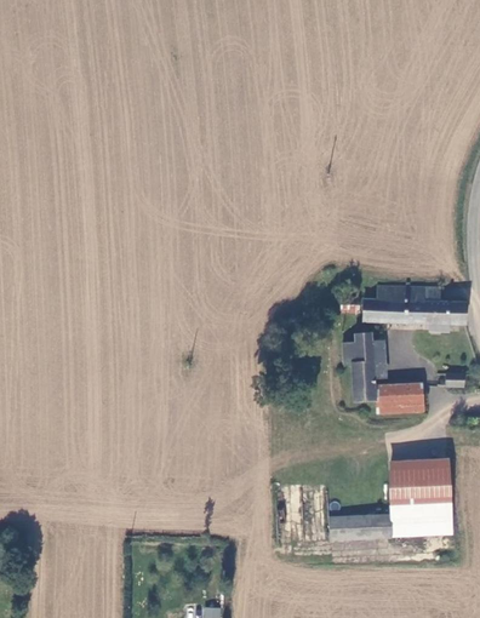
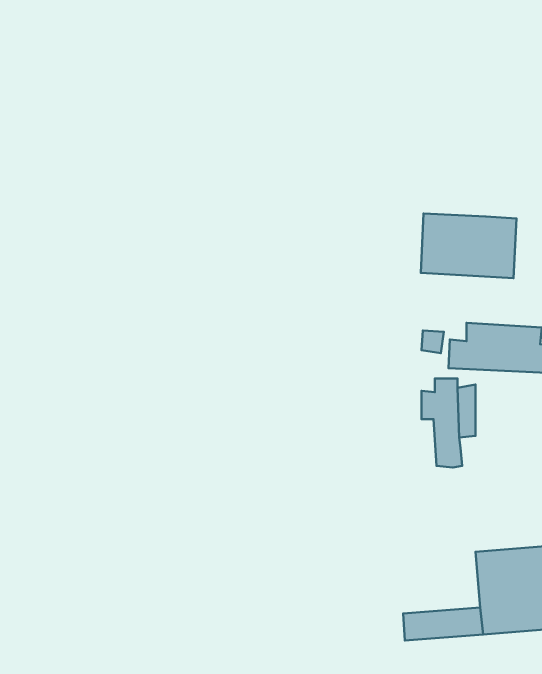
building: none -> [421,213,516,278]
building: [366,380,422,416] -> none

